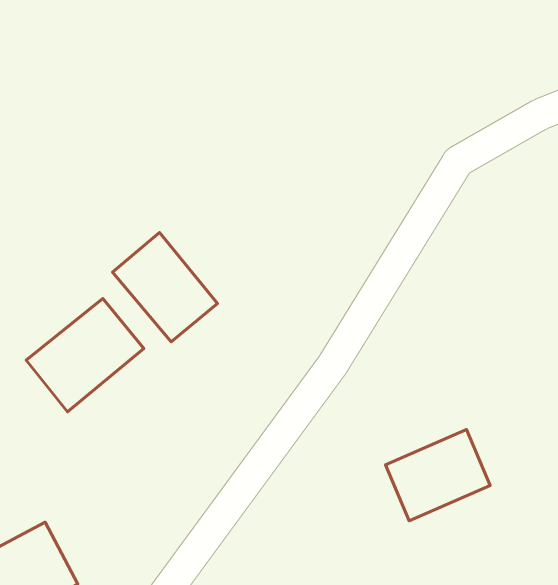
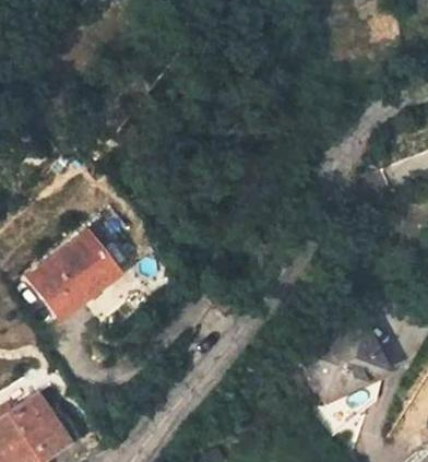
building: [113,233,218,342] -> none

